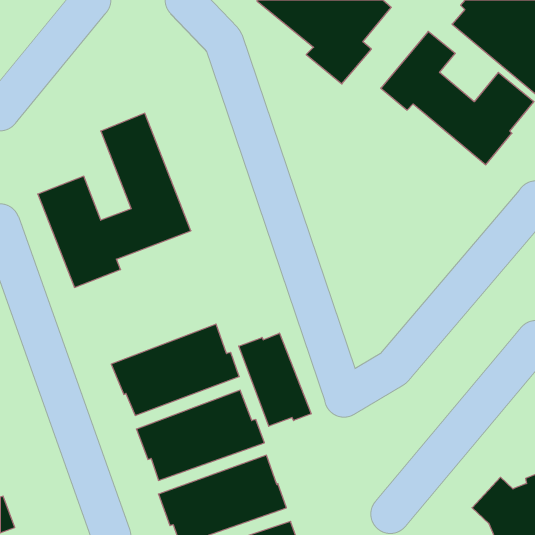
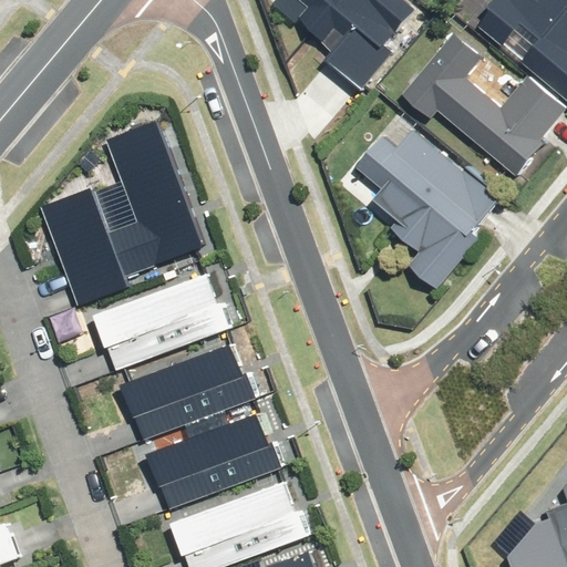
building: none -> [357,124,502,289]
building: none -> [92,275,225,370]
building: [239,333,311,426] -> none

